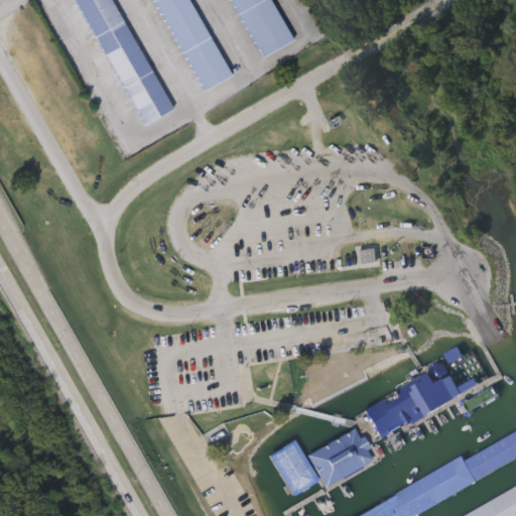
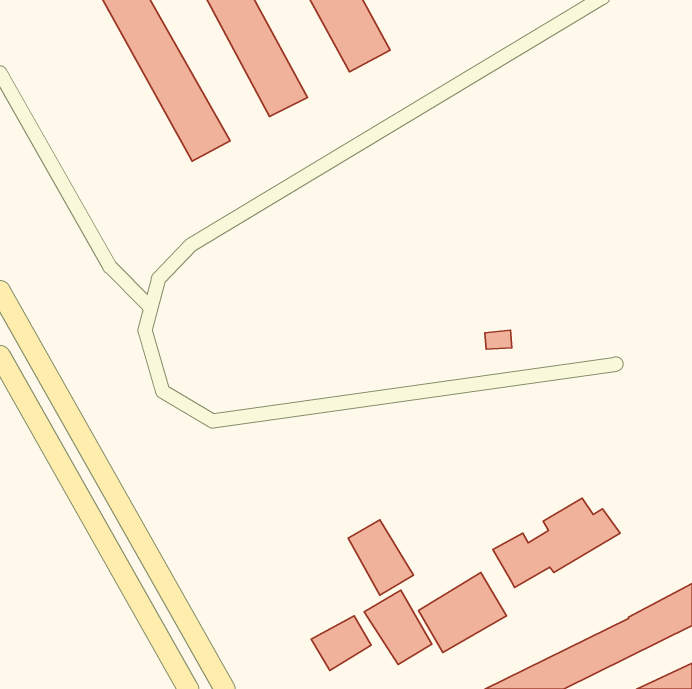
building: none -> [348,520,414,595]
building: none -> [311,616,371,671]

